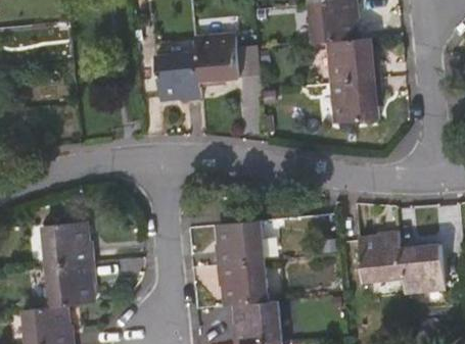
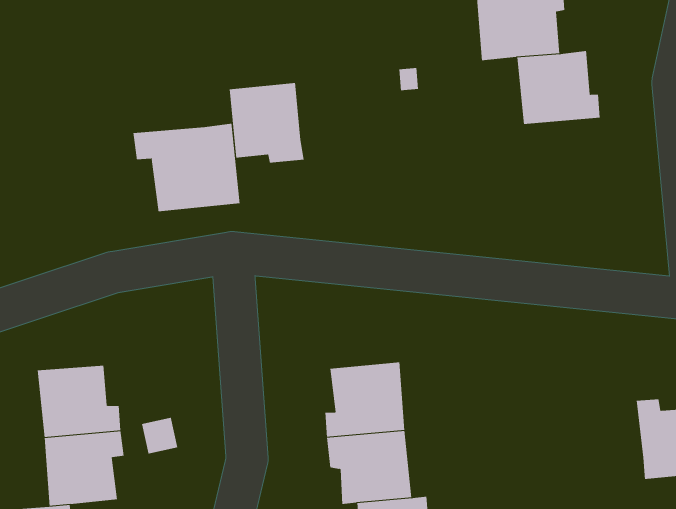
building: [195,39,240,90] -> none
building: [334,77,383,124] -> none
building: none -> [133,123,240,212]
building: [361,236,407,286] -> none

